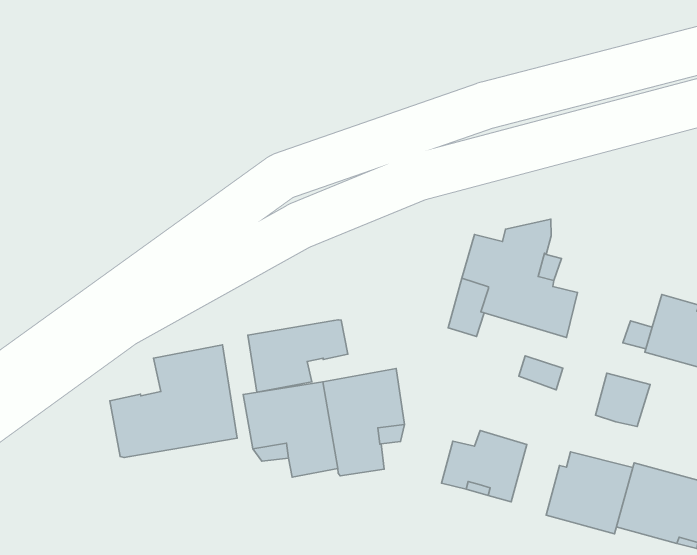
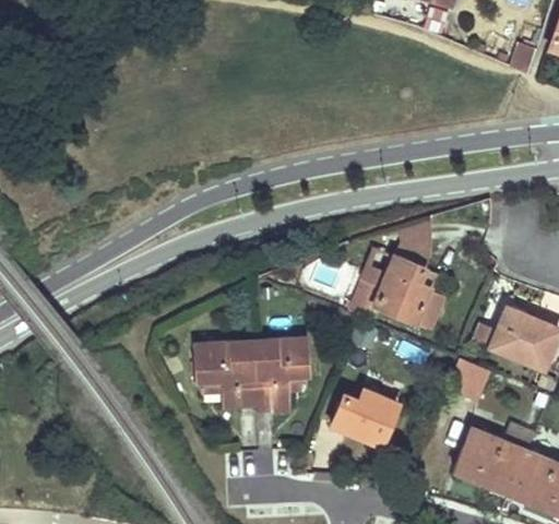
building: [248,320,348,392] -> none
building: [110,345,237,458] -> none
building: [546,452,633,534] -> none

